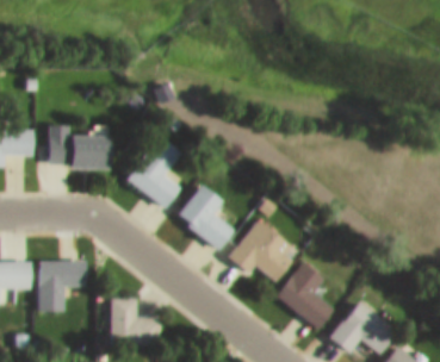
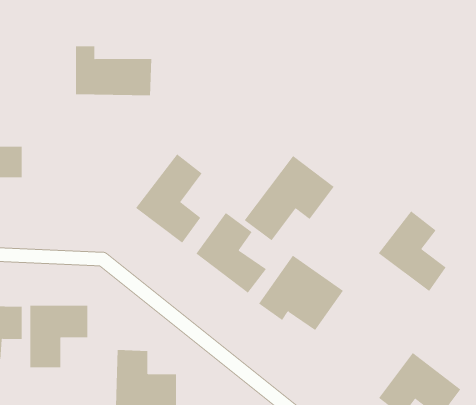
building: [48,125,112,167] -> [75,46,152,96]
building: none -> [244,155,335,241]
building: [275,262,333,330] -> [378,210,446,292]

